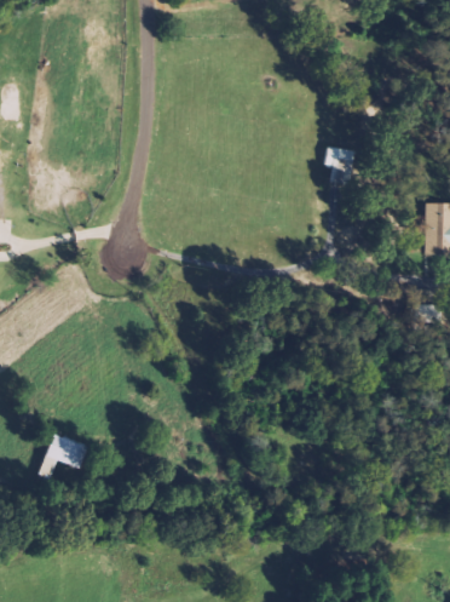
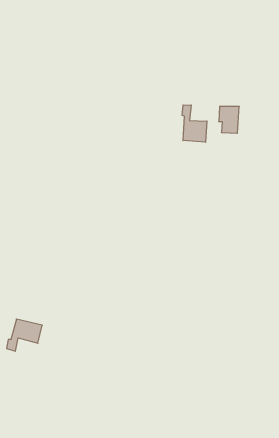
building: none -> [182,105,207,142]

